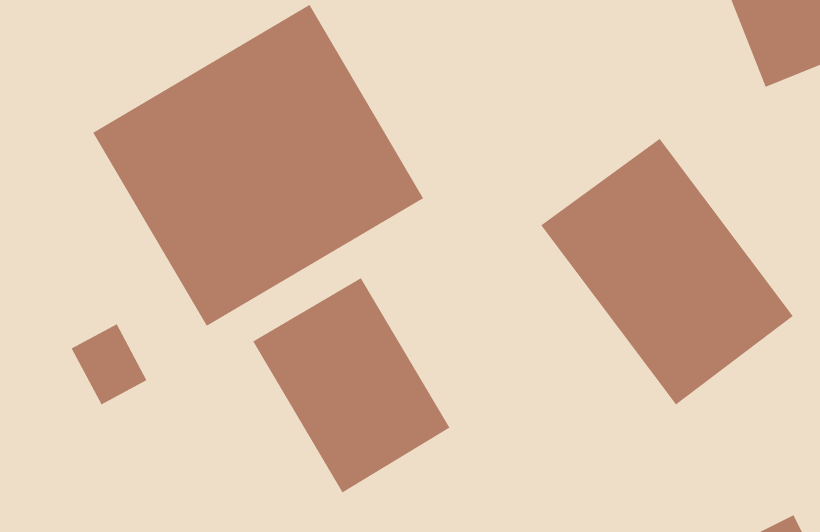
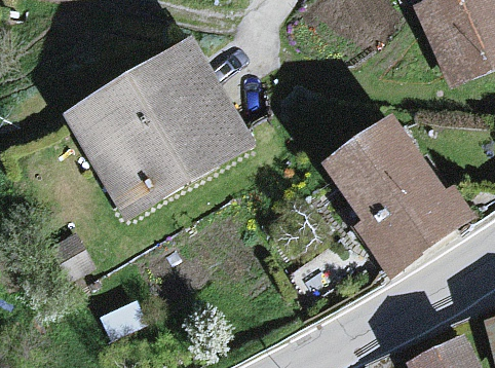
building: [252,277,450,494] -> none

